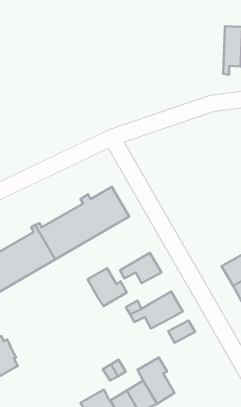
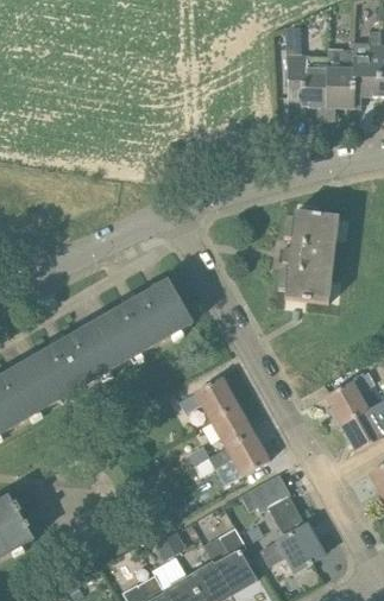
building: none -> [287,52,329,118]
building: none -> [284,210,339,302]
building: [87,268,127,306] -> none
building: none -> [209,404,252,447]
building: none -> [260,499,323,570]

